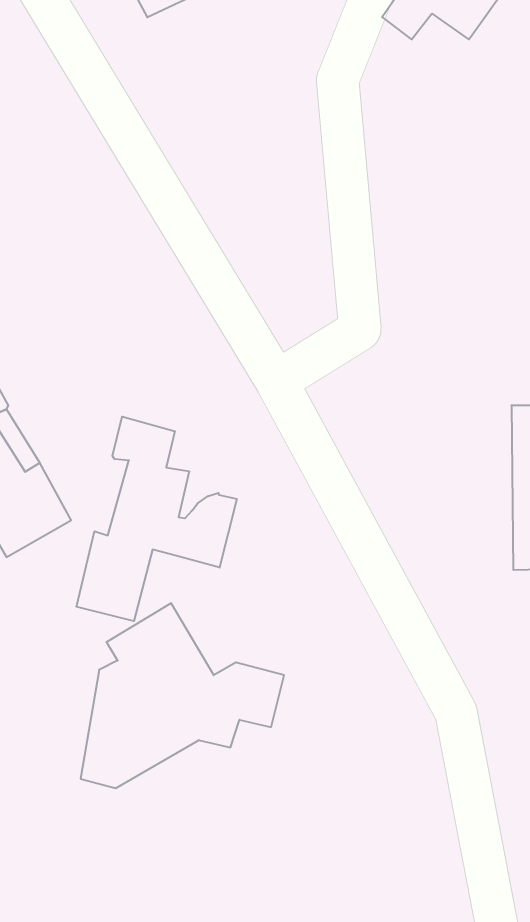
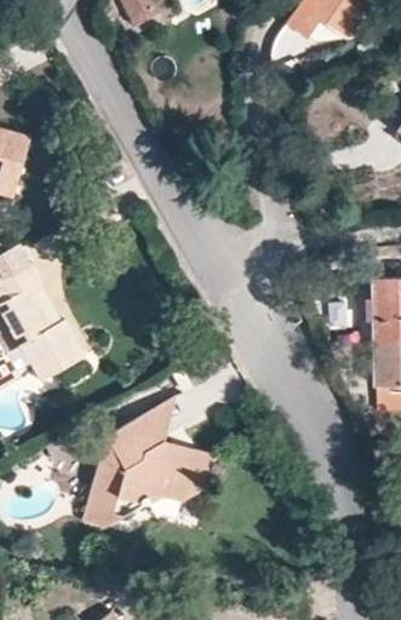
building: [77,417,237,621] -> none

